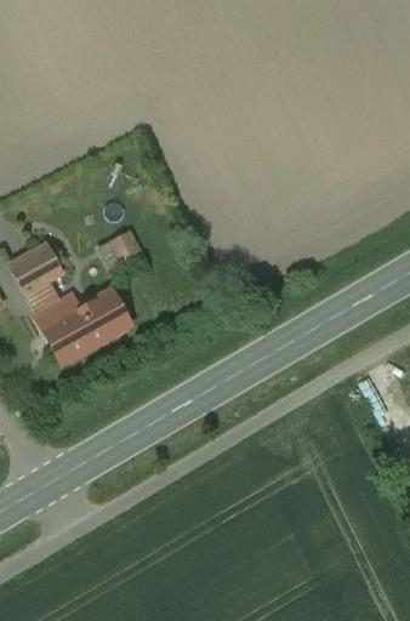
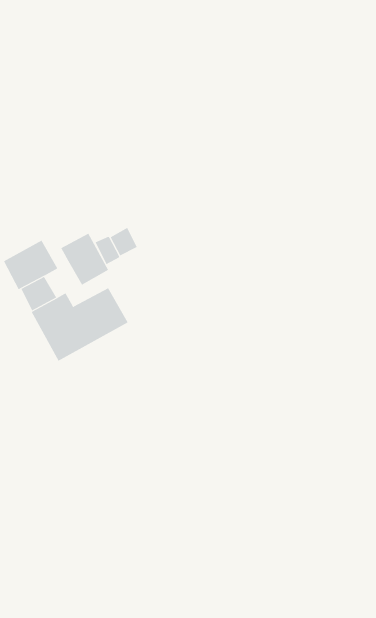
building: none -> [61,233,109,286]

